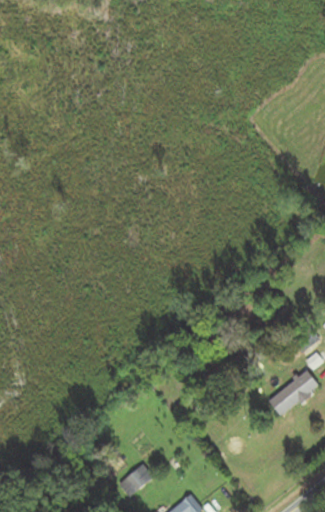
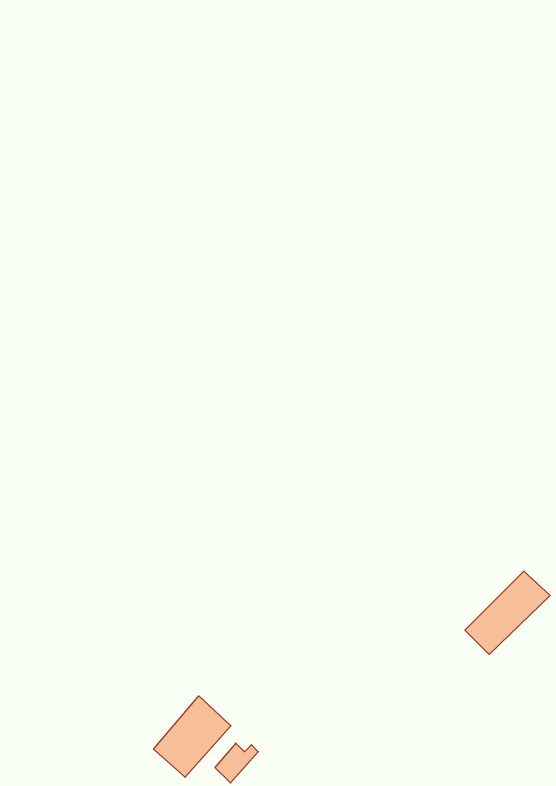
building: none -> [154,696,231,777]

